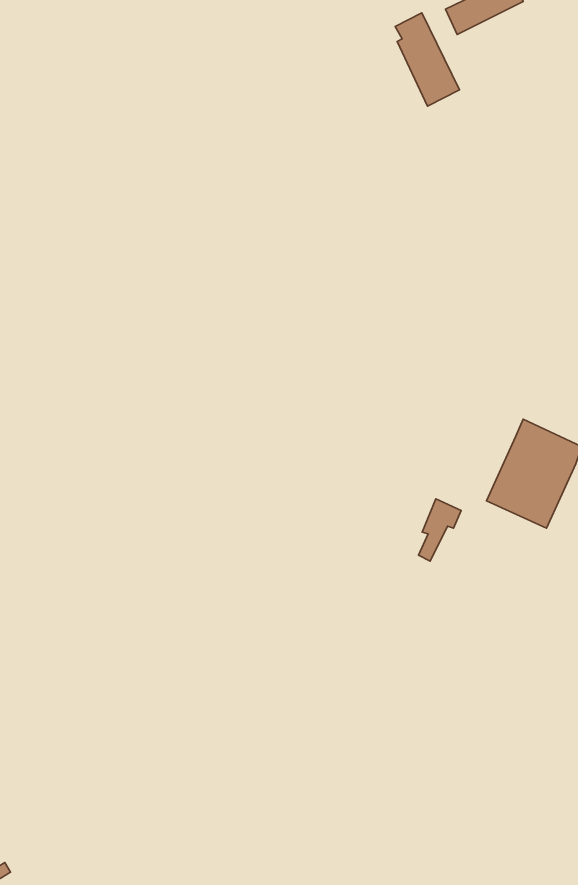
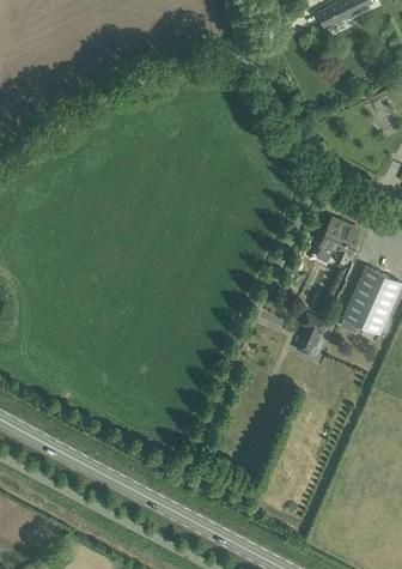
building: [395,13,460,106] -> none
building: none -> [317,218,358,262]

